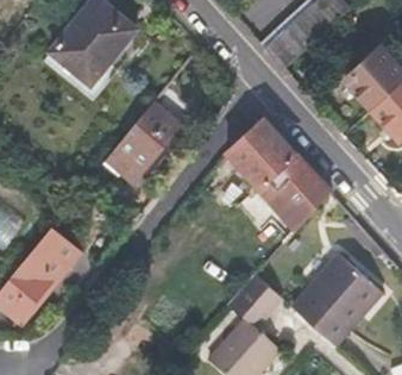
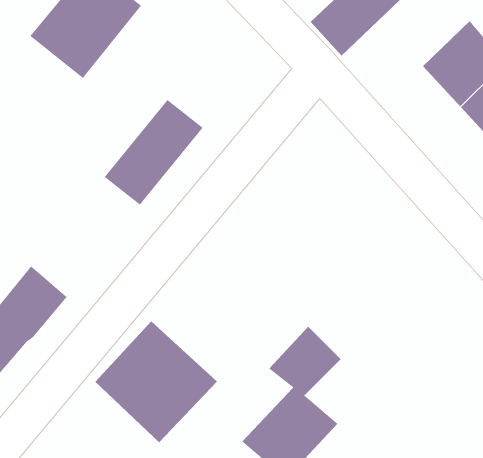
building: [226,118,331,224] -> none
building: [296,254,384,342] -> none
building: none -> [94,321,218,443]

